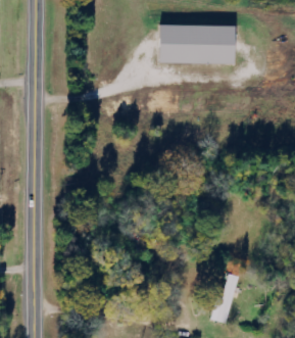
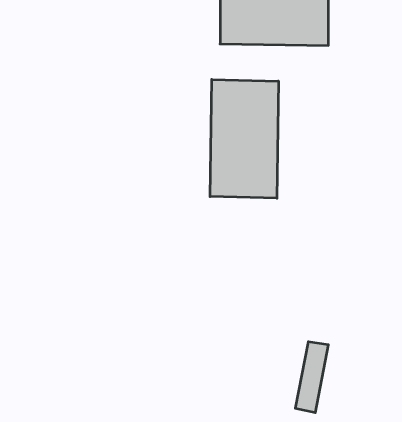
building: none -> [210,79,278,198]

